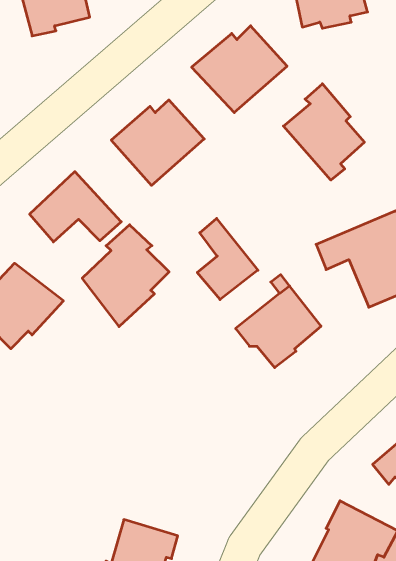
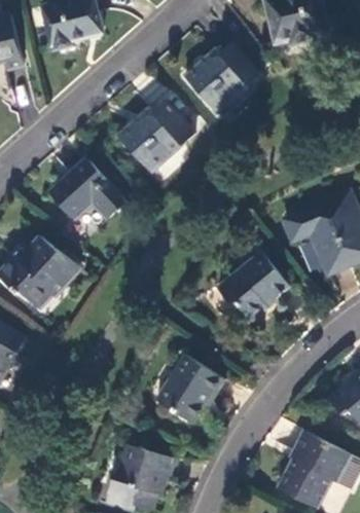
building: [283,84,364,180] -> none
building: [197,218,258,300] -> none
building: [82,225,169,327] -> none
building: none -> [157,355,225,423]

